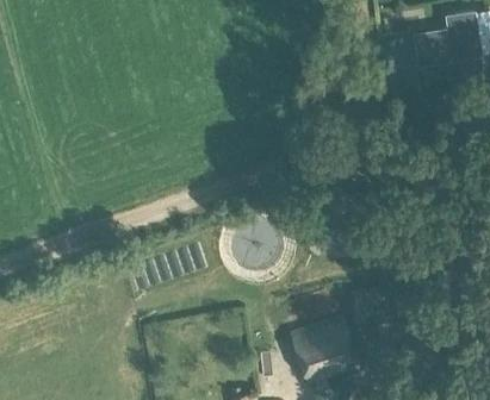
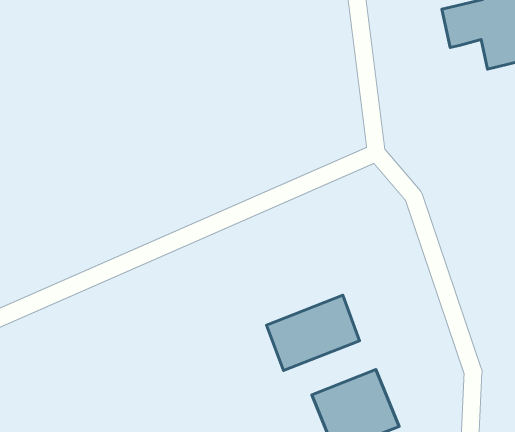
building: none -> [267,295,360,371]

